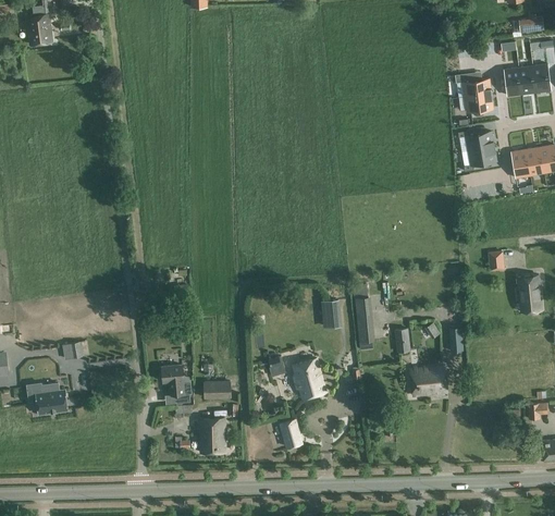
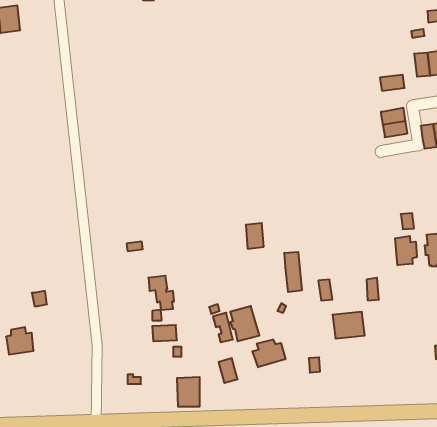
building: [455,71,491,97] -> none
building: none -> [395,236,417,265]
building: [321,298,342,328] -> [246,223,264,249]
building: [162,364,192,403] -> [148,276,174,310]
building: none -> [252,339,285,367]
building: [199,418,225,452] -> [177,377,200,407]

